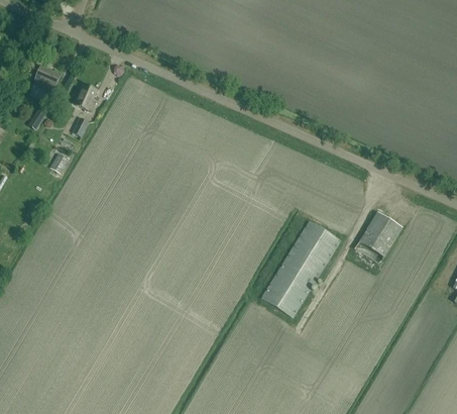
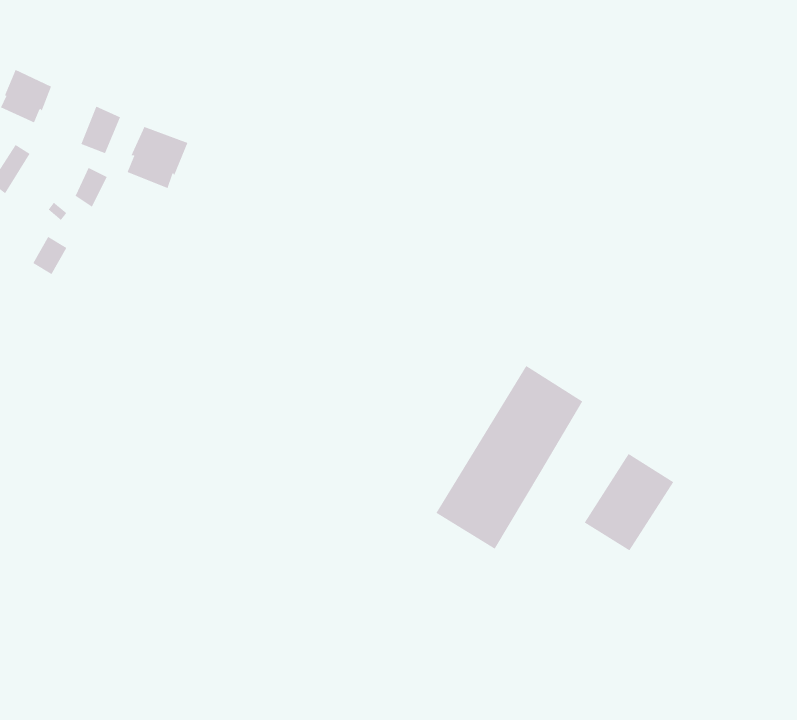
building: none -> [127,126,188,189]
building: [354,211,402,263] -> [584,453,674,551]

